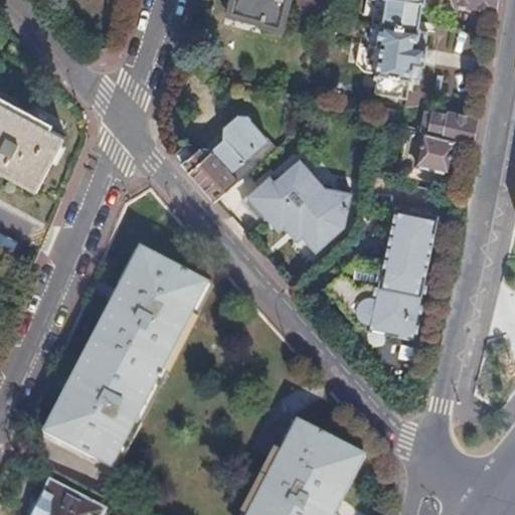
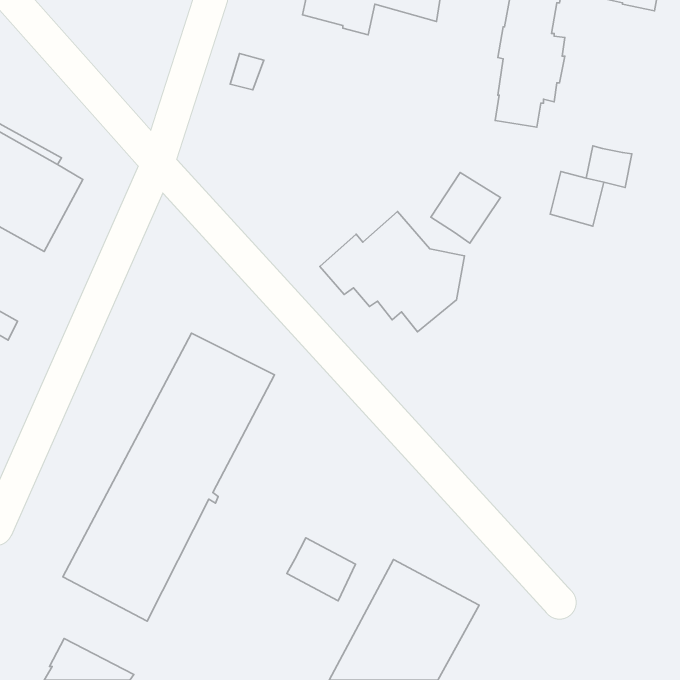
building: [171,112,274,199] -> none
building: none -> [431,173,501,243]
building: [323,205,438,345] -> none
building: none -> [287,538,355,601]

